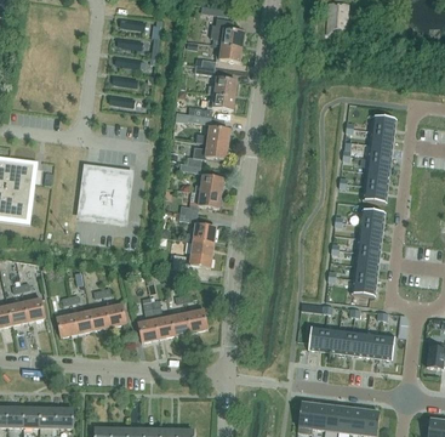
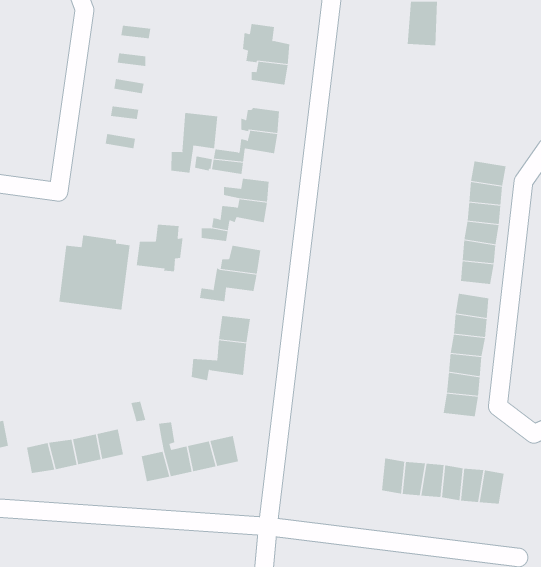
building: none -> [171,112,218,174]
building: none -> [136,224,183,272]

